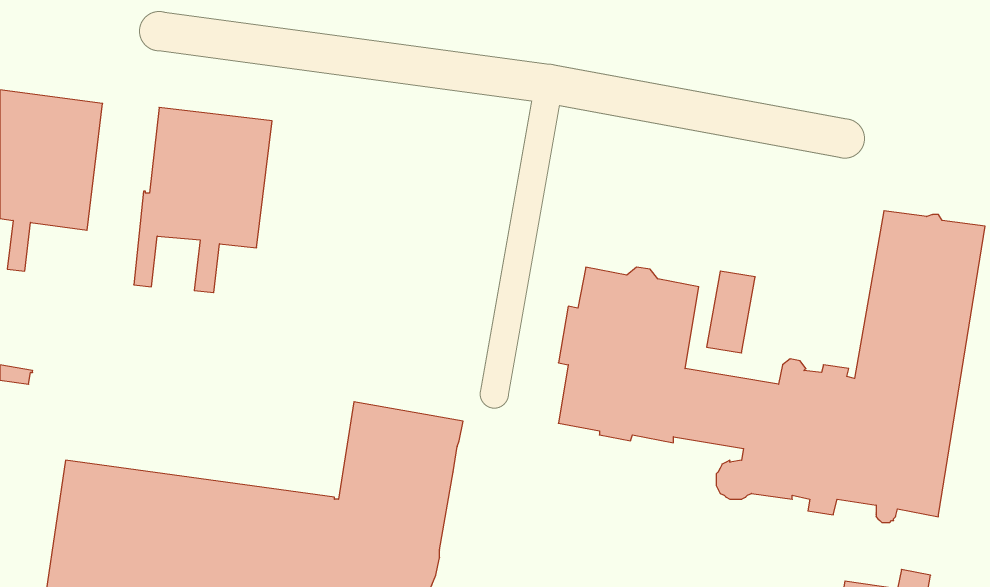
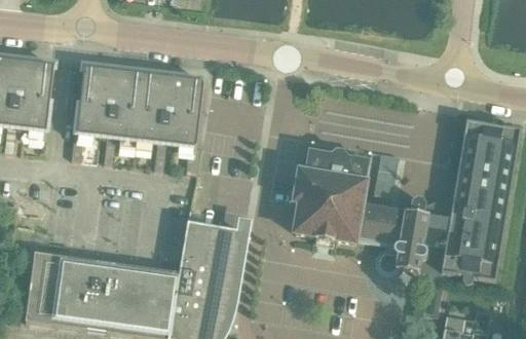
building: none -> [136,72,204,173]

